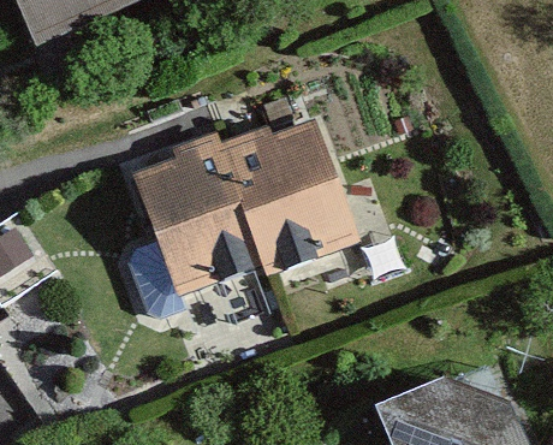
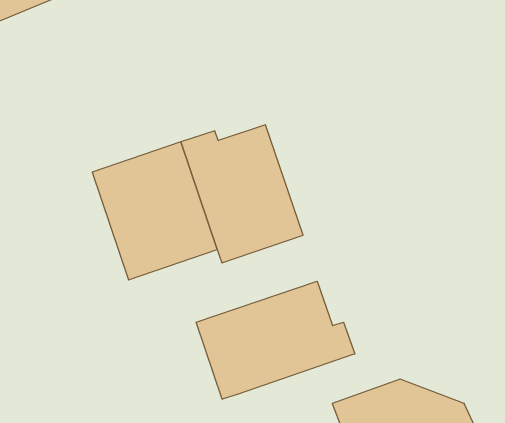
building: none -> [196,281,355,399]

